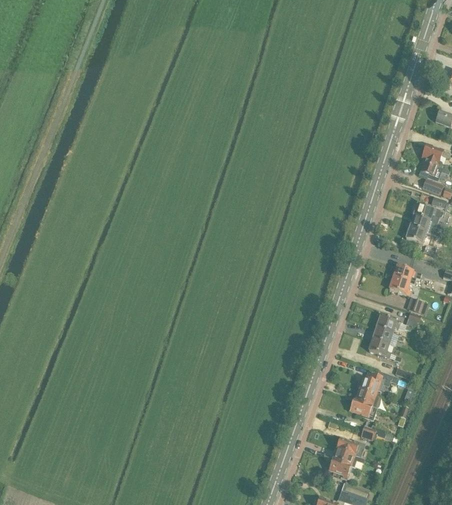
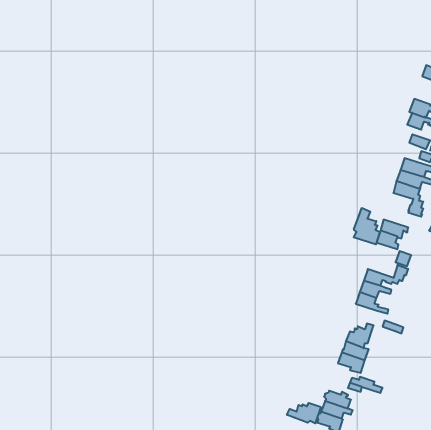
building: none -> [354,208,380,244]
building: none -> [287,403,321,423]

